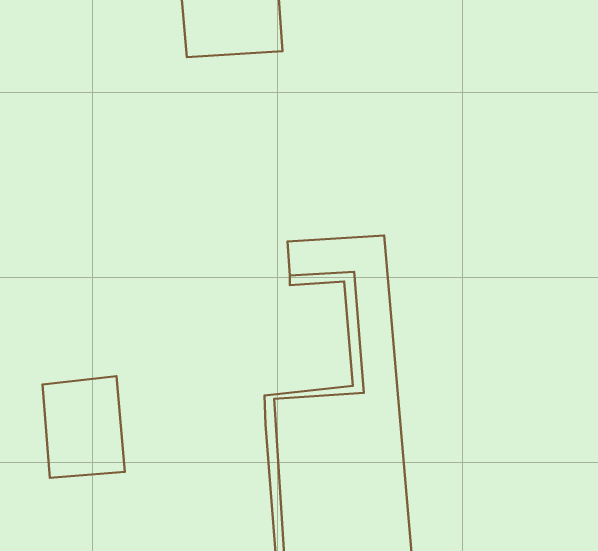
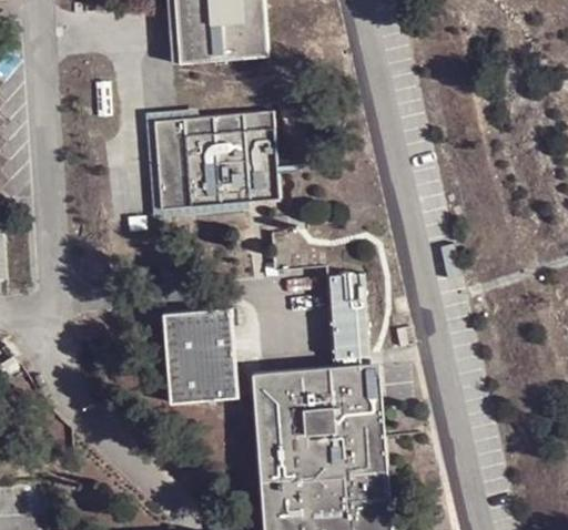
building: none -> [154,115,278,212]
building: [42,376,125,478] -> [162,310,237,404]

